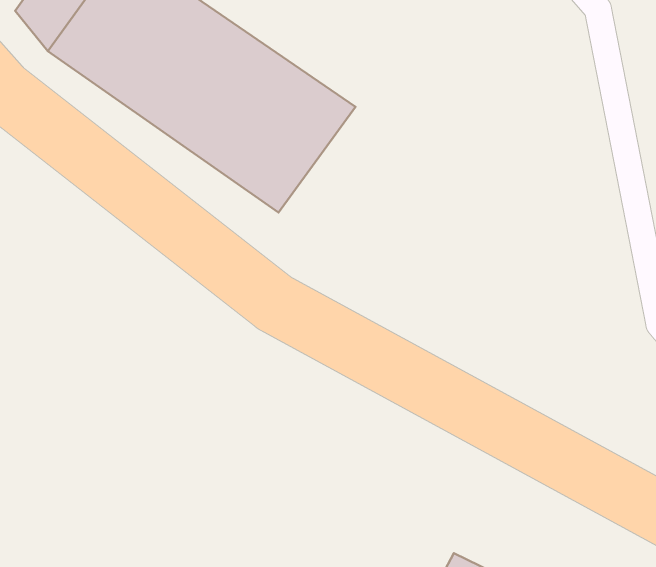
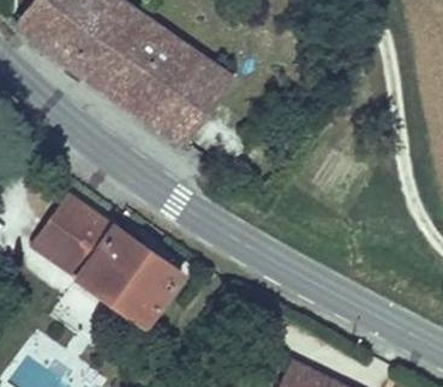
building: none -> [32,193,184,327]

